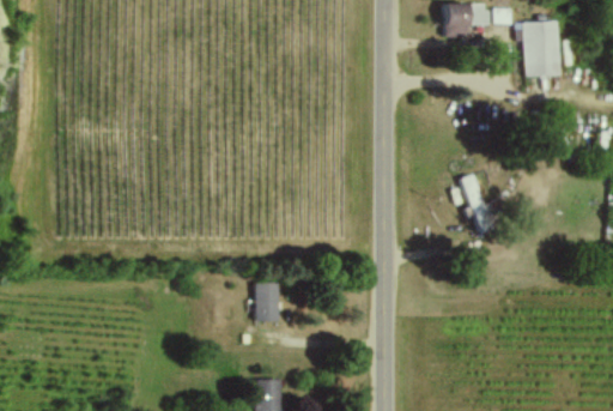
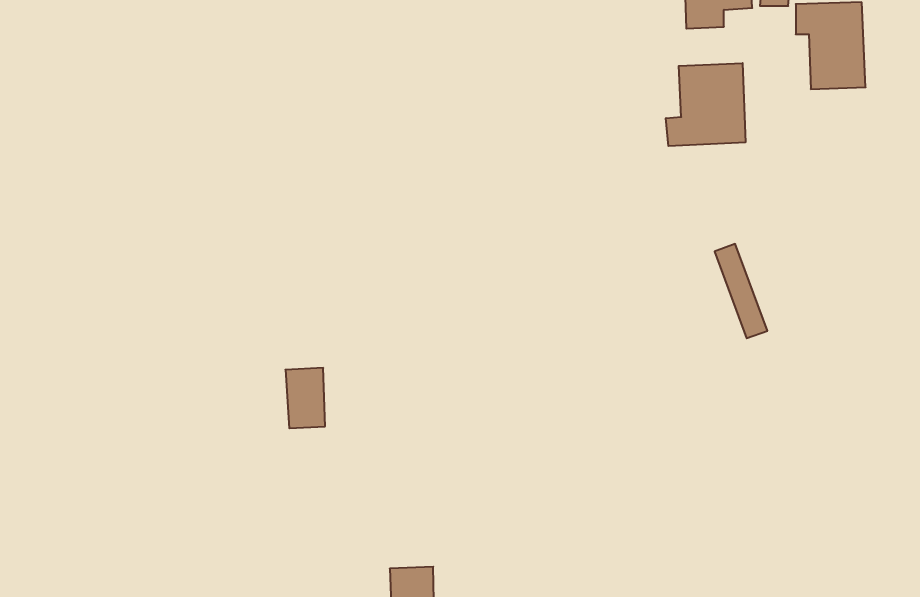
building: none -> [666,63,745,146]
building: [255,284,280,322] -> [285,368,325,428]

